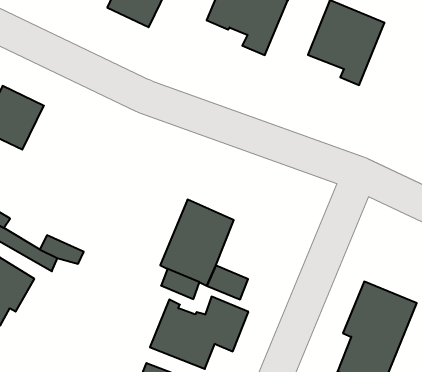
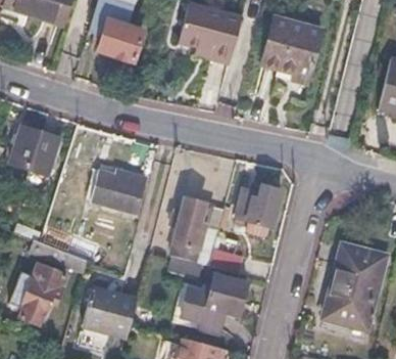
building: none -> [87,168,142,214]
building: none -> [236,186,281,224]
building: none -> [78,282,137,345]

